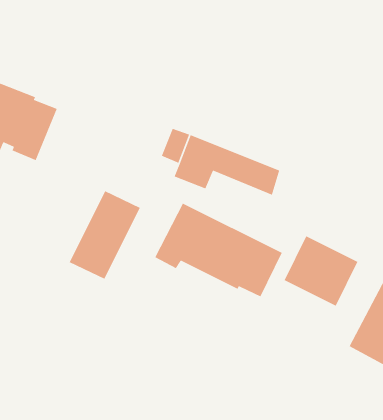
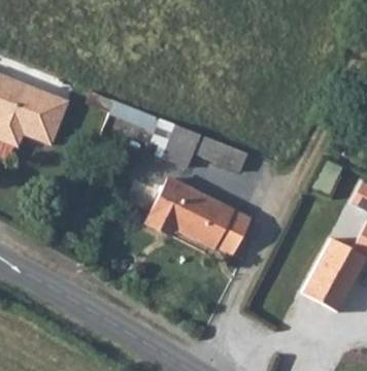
building: [69,190,141,280] -> none
building: [284,235,358,307] -> none

